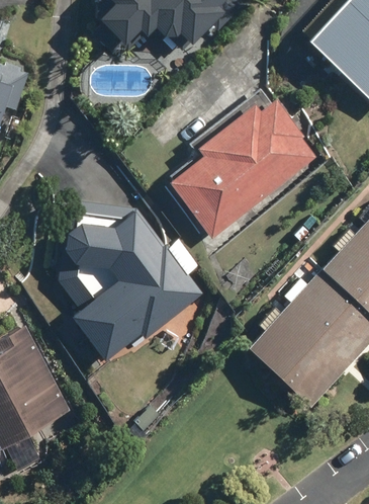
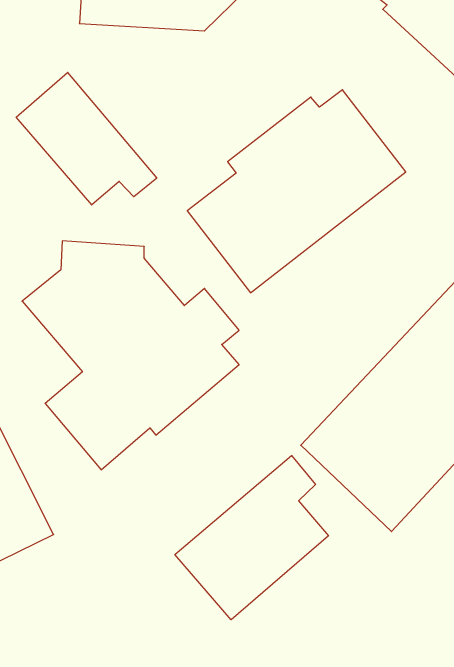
building: none -> [16,72,157,205]
building: none -> [175,456,328,620]

